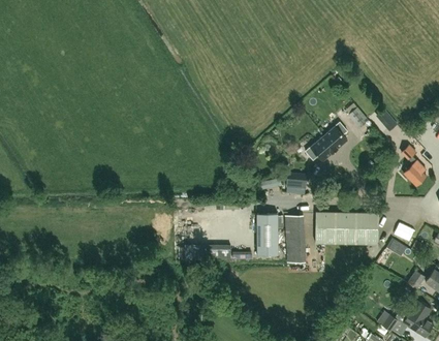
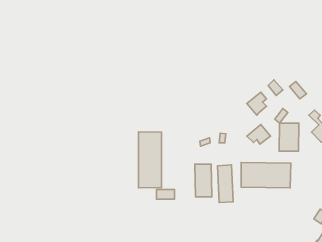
building: [305,137,335,162] -> [247,125,271,144]
building: none -> [279,123,299,151]
building: none -> [139,132,162,188]

